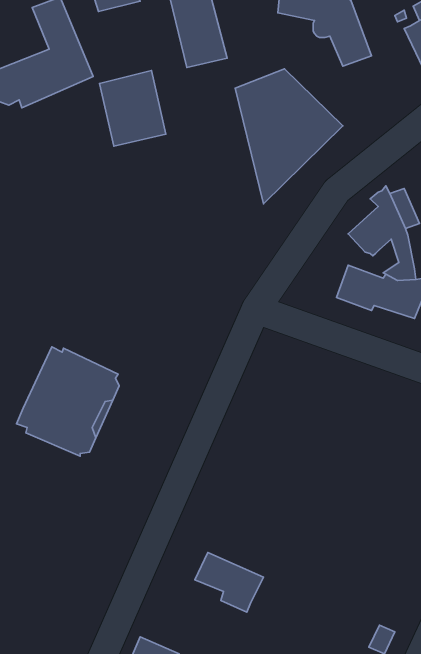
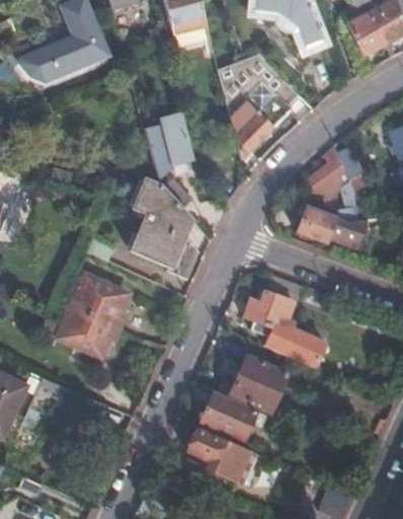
building: [100,71,166,146] -> [144,110,195,169]
building: none -> [132,179,191,267]
building: none -> [244,289,326,368]
building: none -> [230,357,286,412]
building: none -> [201,394,257,441]

